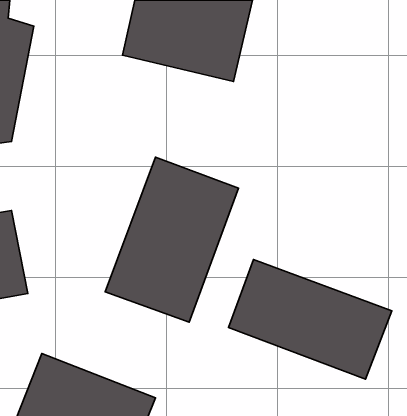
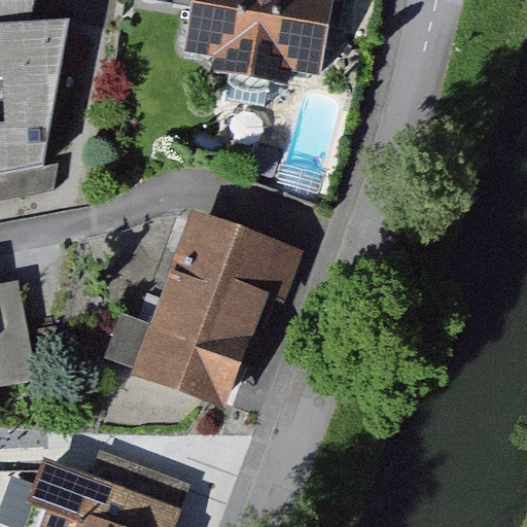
building: [228,259,392,379] -> none

